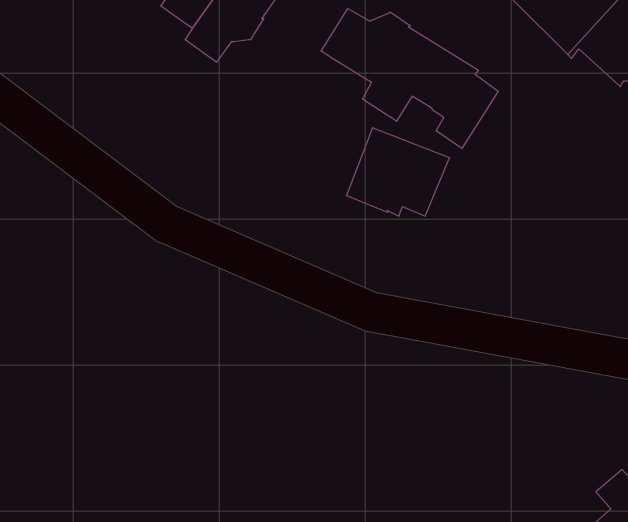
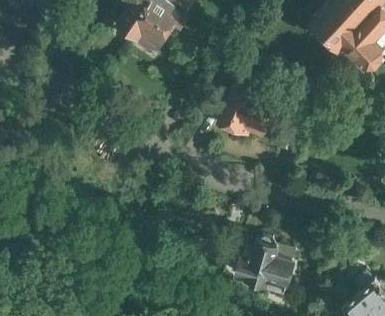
building: [321,8,498,149] -> none
building: none -> [236,241,296,297]

